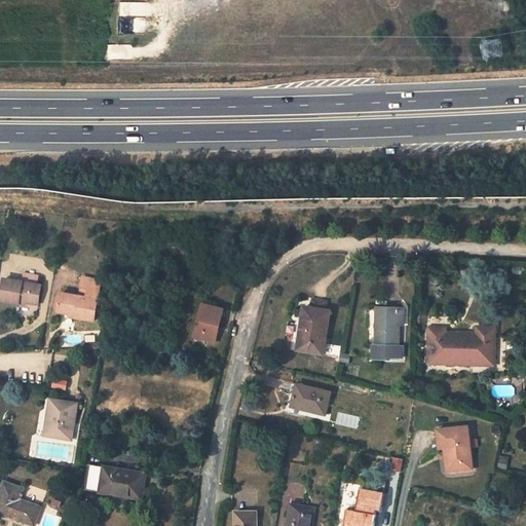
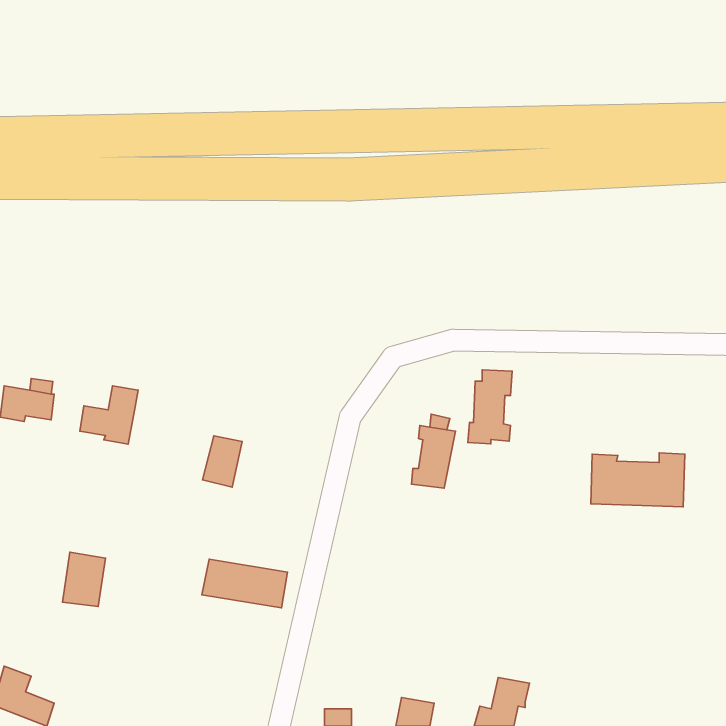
building: [193,304,222,341] -> [202,436,242,487]
building: [371,306,403,360] -> [468,370,512,444]
building: [290,384,329,413] -> none
building: [435,423,472,469] -> none
building: [83,463,145,498] -> [202,559,287,608]

